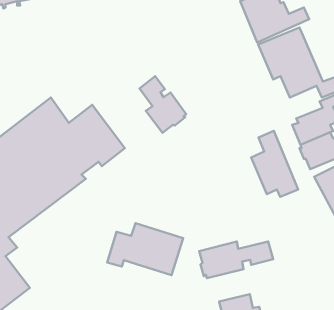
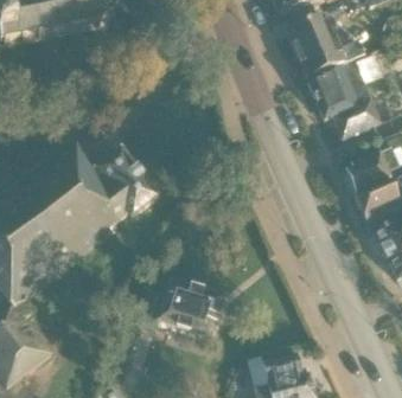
building: [140,76,186,133] -> none
building: [251,131,298,197] -> none
building: [199,241,273,278] -> none

